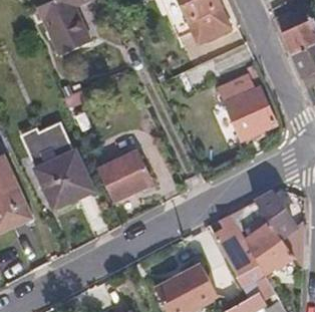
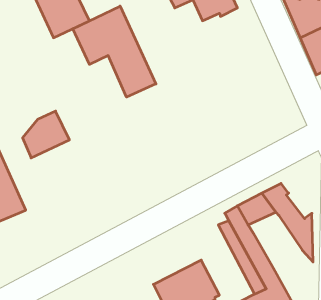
building: none -> [73,6,156,97]
building: [223,87,274,138] -> none
building: [36,150,92,208] -> none
building: [101,151,149,200] -> none
building: [247,223,293,273] -> none

